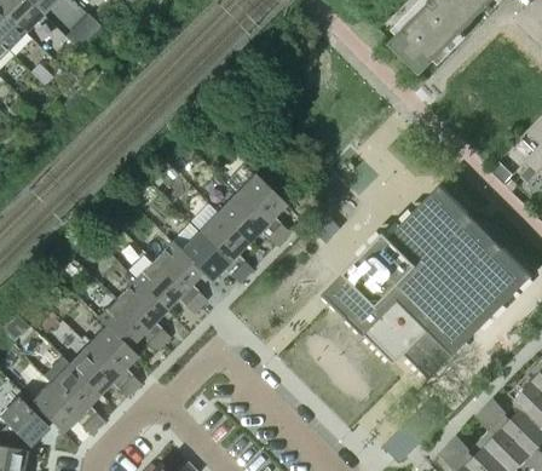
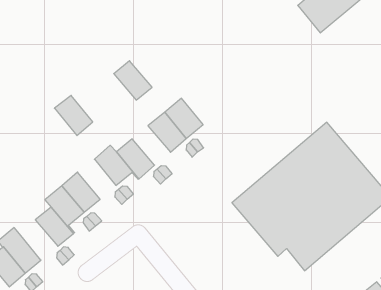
building: [198,212,248,260] -> [114,61,152,100]
building: [134,260,184,310] -> [54,95,93,136]
building: [69,344,119,394] -> none

